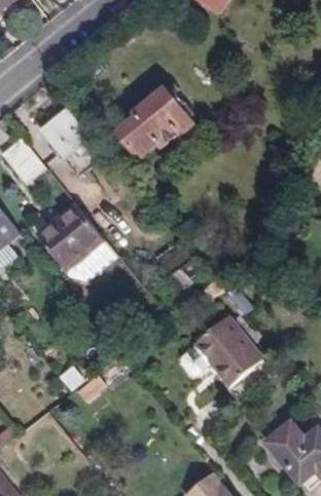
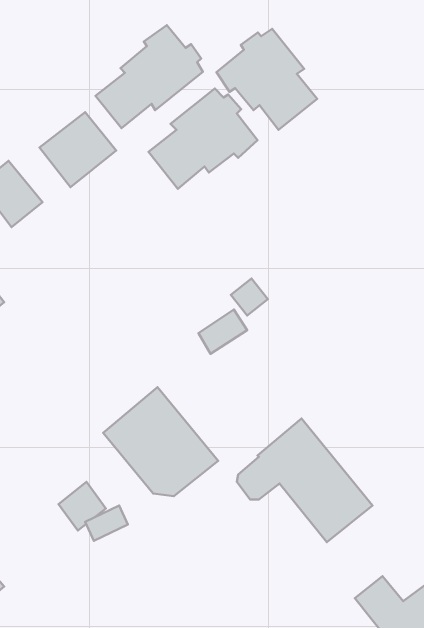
building: none -> [95,25,203,128]
building: none -> [216,29,317,130]
building: [37,201,117,277] -> [103,387,218,496]

